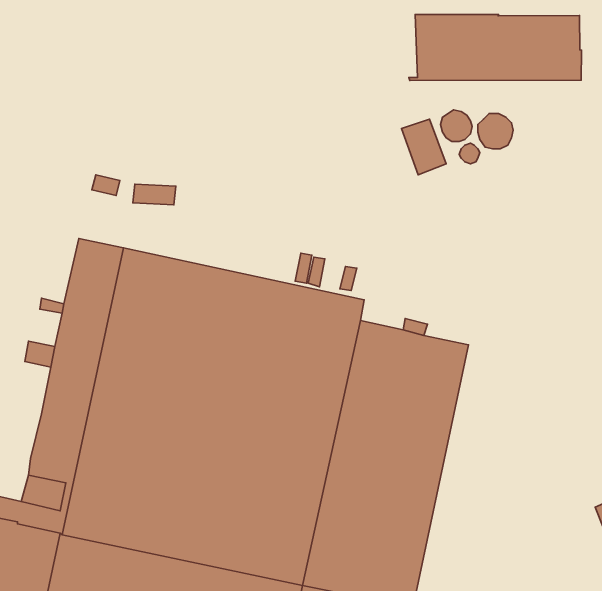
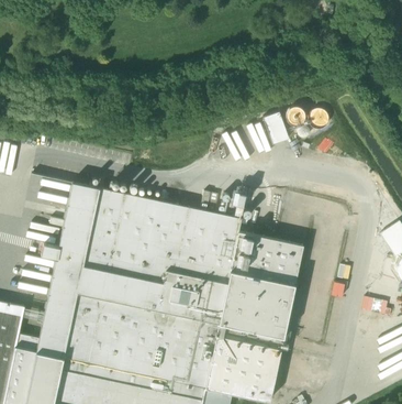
building: [409,14,582,81] -> none

